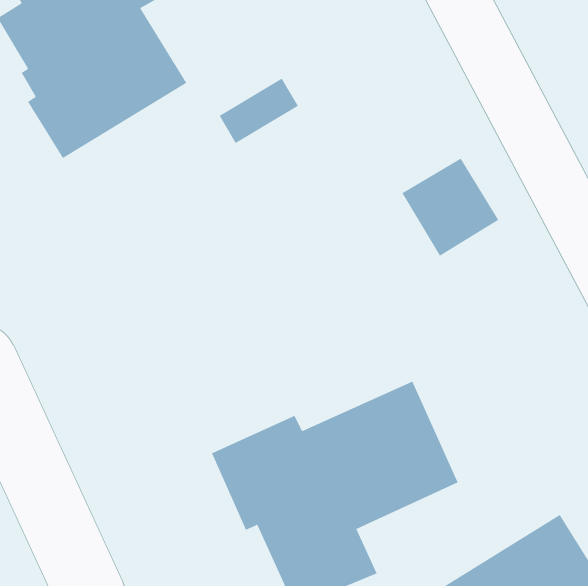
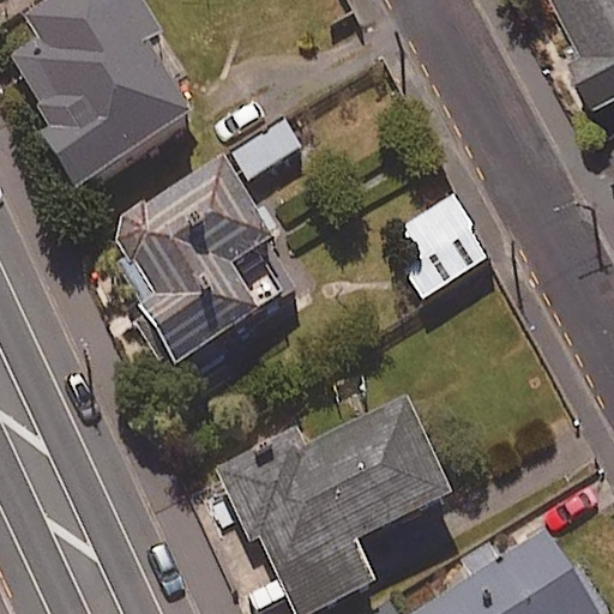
building: none -> [114,162,301,371]

